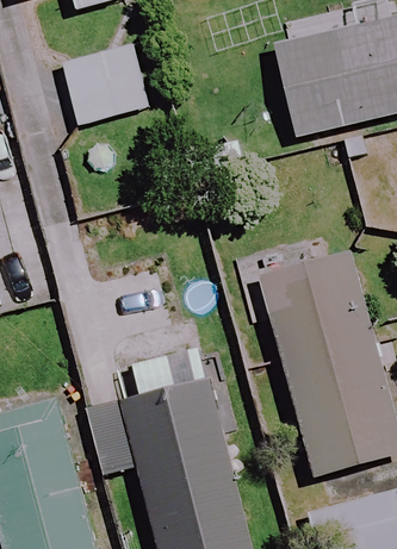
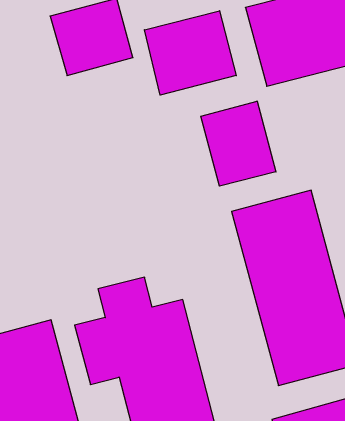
building: none -> [144,11,236,95]
building: none -> [201,101,276,186]

